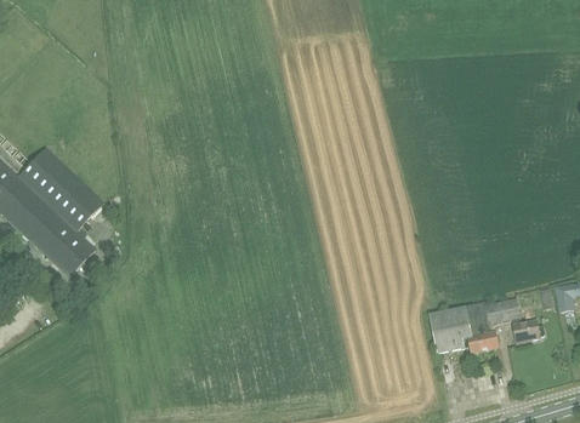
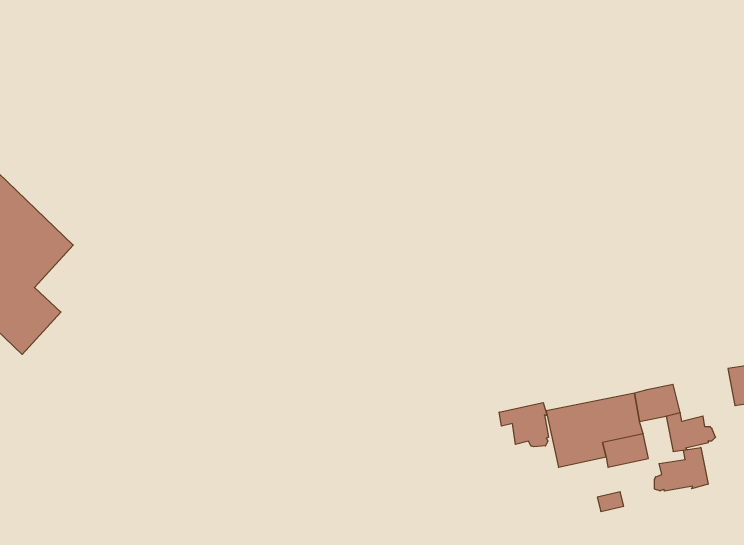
building: none -> [499,403,548,447]
building: none -> [654,447,708,491]

